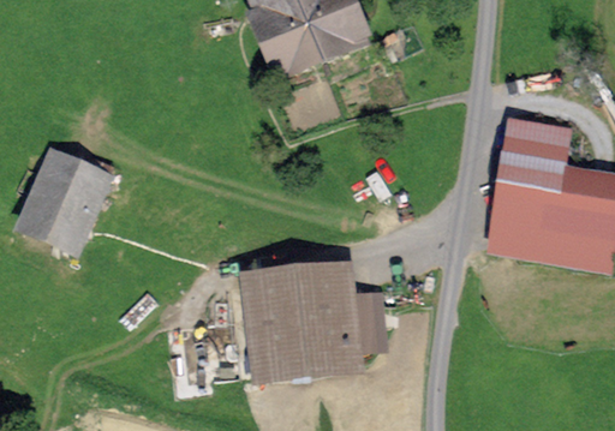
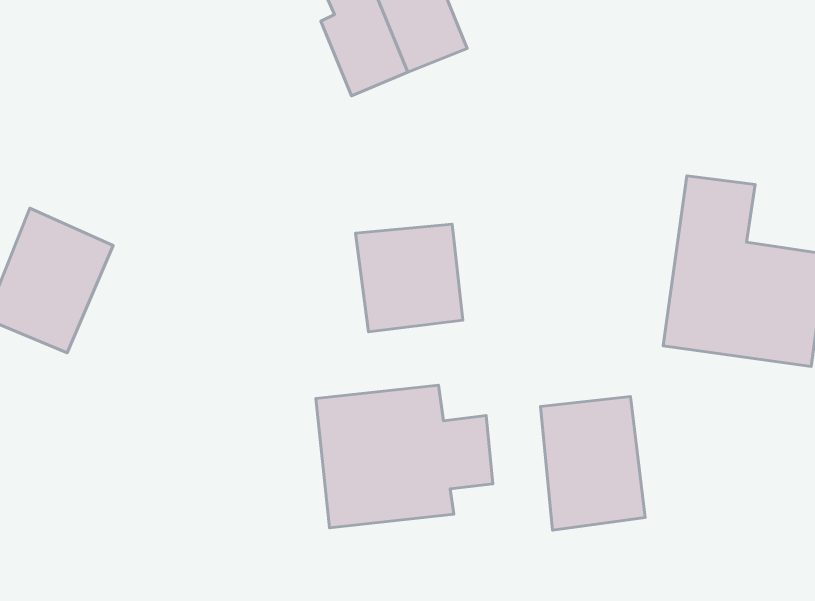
building: none -> [356,224,463,332]
building: none -> [541,396,645,530]

